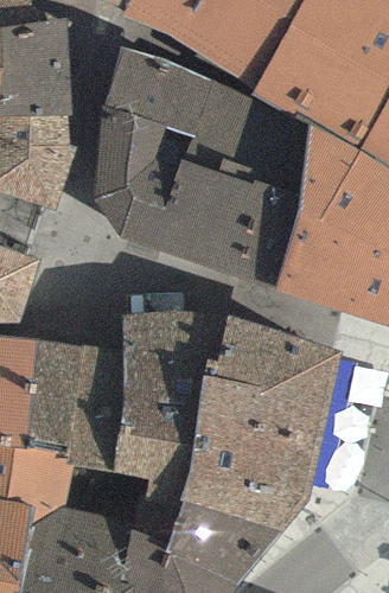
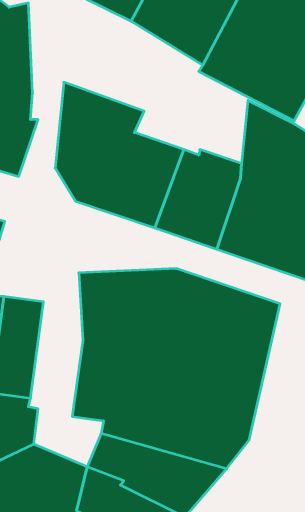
building: [102,46,306,195] -> none
building: [63,347,123,474] -> none

